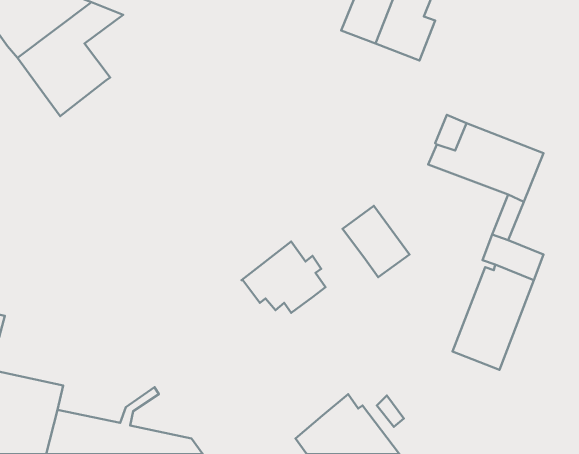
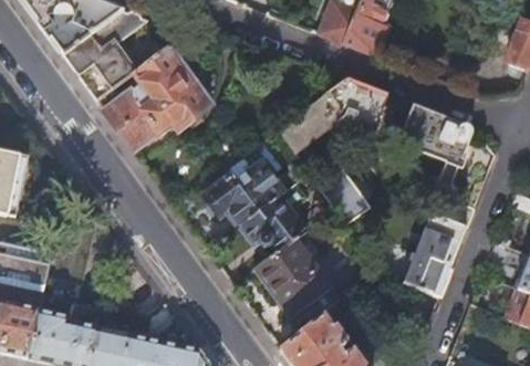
building: none -> [105,33,209,150]
building: none -> [276,77,387,155]
building: none -> [204,157,285,227]
building: none -> [254,240,340,332]

